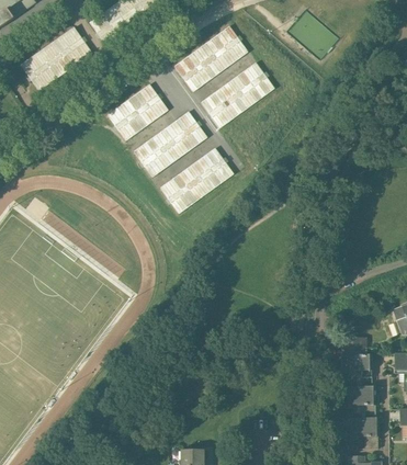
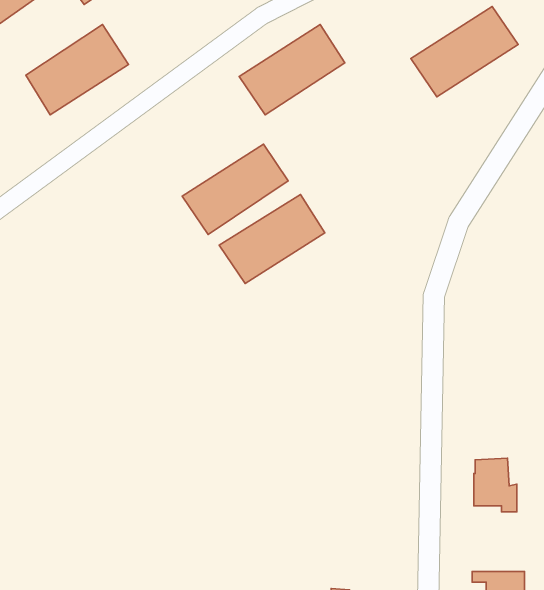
building: [200,63,276,127] -> [411,6,518,97]
building: [106,83,170,140] -> none
building: [340,386,375,411] -> none

